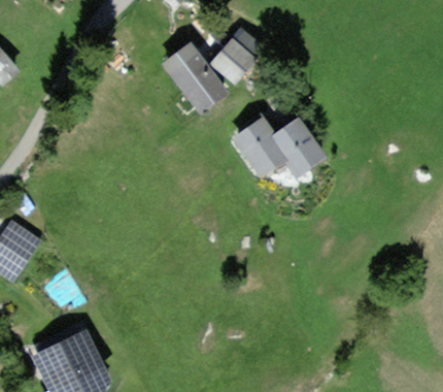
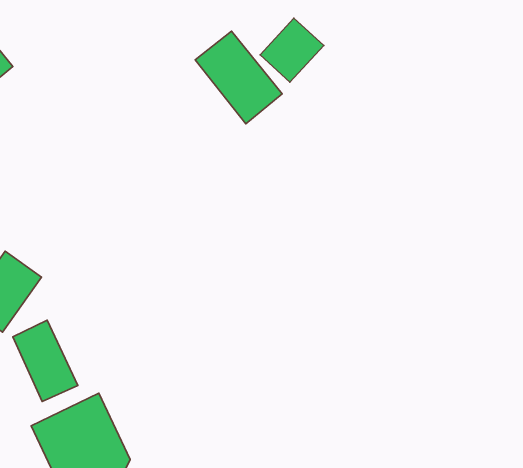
building: [229,115,331,184] -> none
building: none -> [13,320,78,401]

